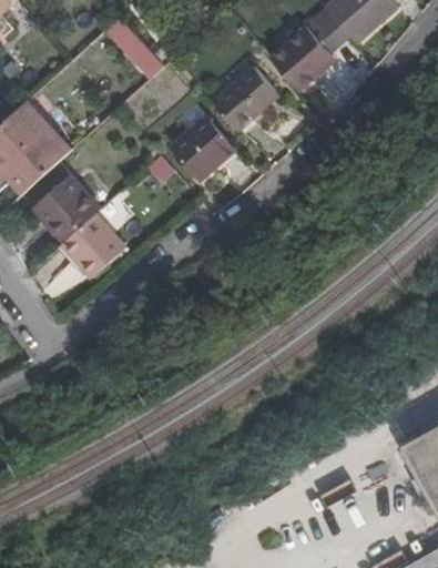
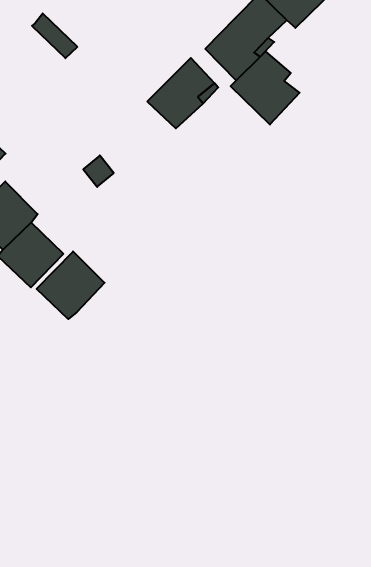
building: none -> [231,51,300,125]
building: [174,121,233,181] -> none
building: none -> [37,251,105,319]

